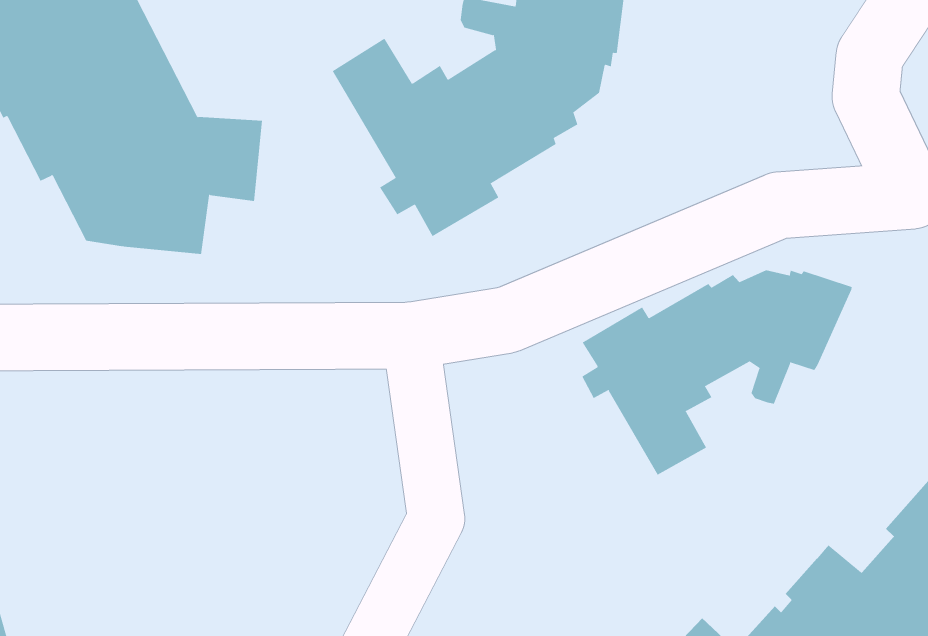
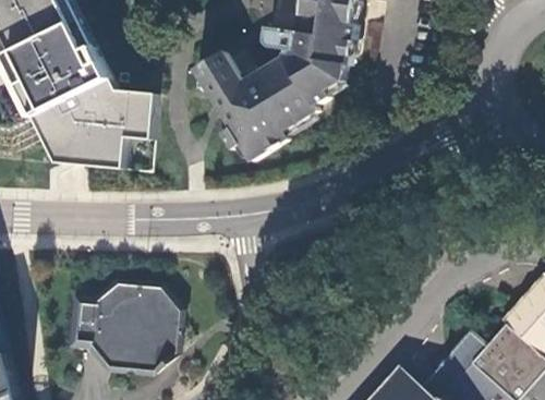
building: [582,270,852,475] -> none
building: none -> [66,281,179,374]

